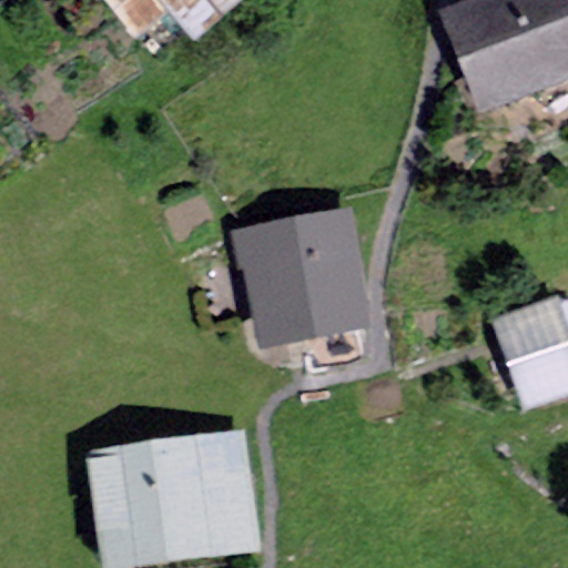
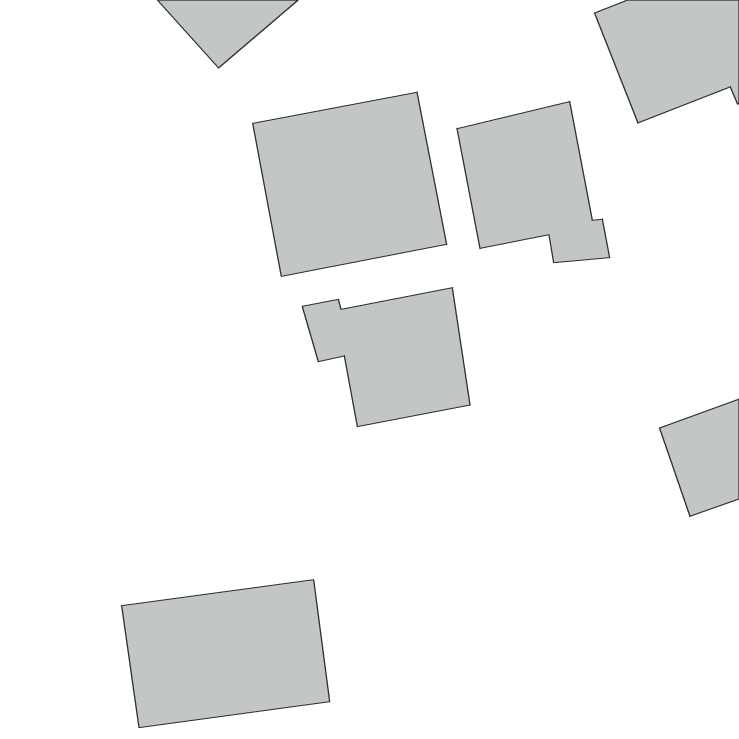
building: none -> [253,92,447,276]
building: none -> [457,101,609,263]

